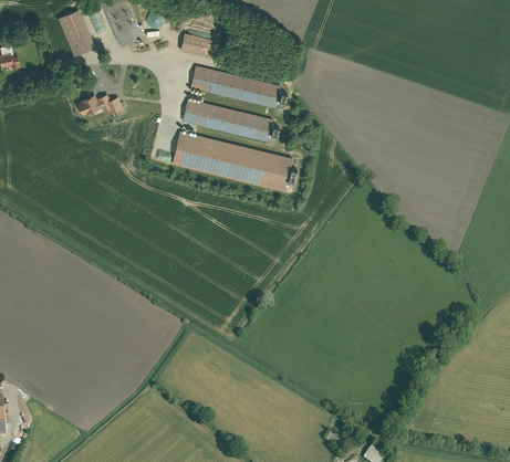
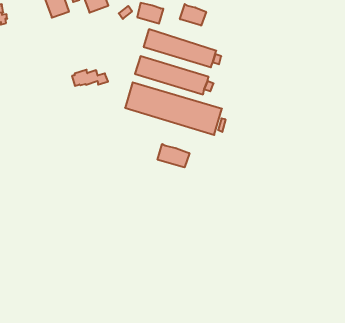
building: none -> [180,4,206,26]
building: [77,95,123,116] -> [72,70,108,86]
building: none -> [158,144,189,167]

